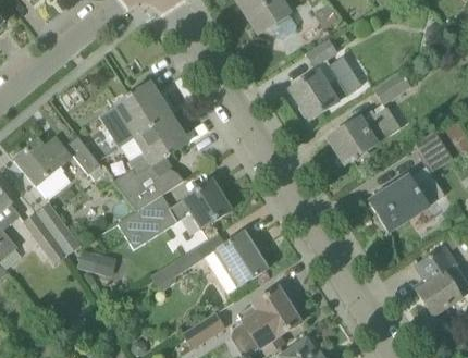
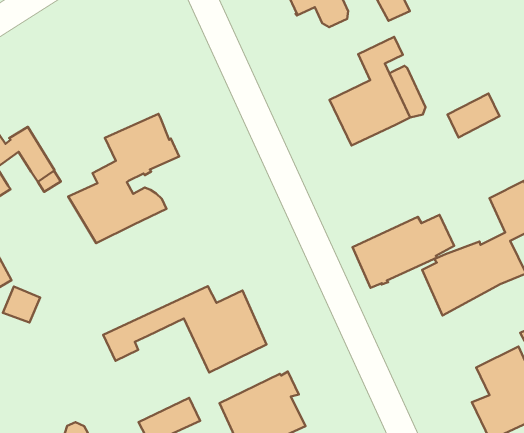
building: [98,82,169,146] -> none
building: [328,106,399,163] -> [352,215,454,288]
building: [118,176,229,248] -> none

